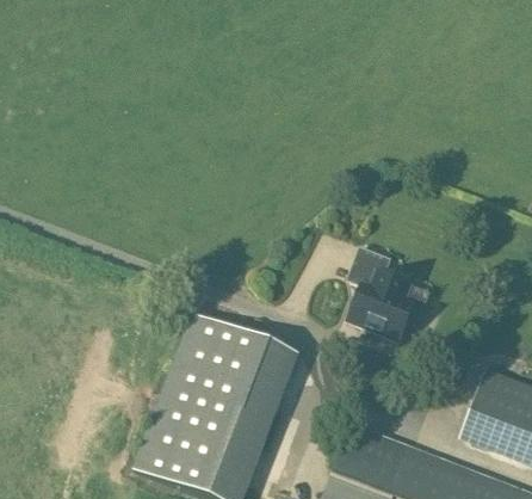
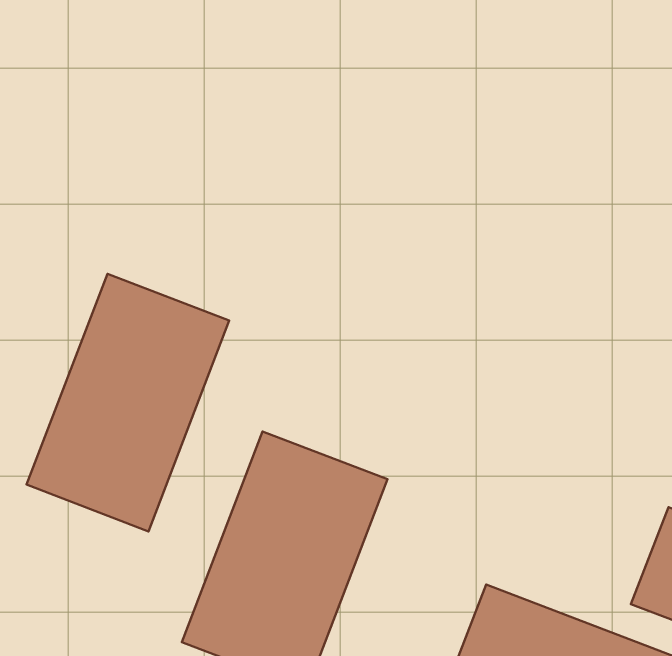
building: none -> [27,274,229,531]
building: [347,247,431,340] -> none

